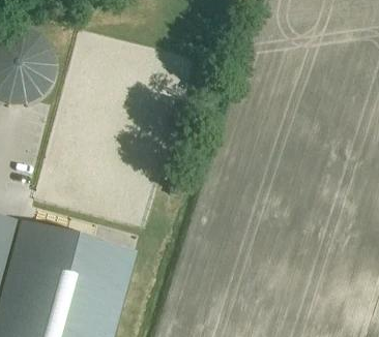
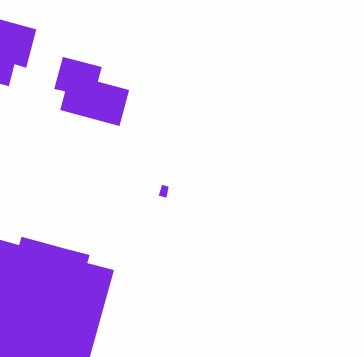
building: none -> [54,56,130,127]

